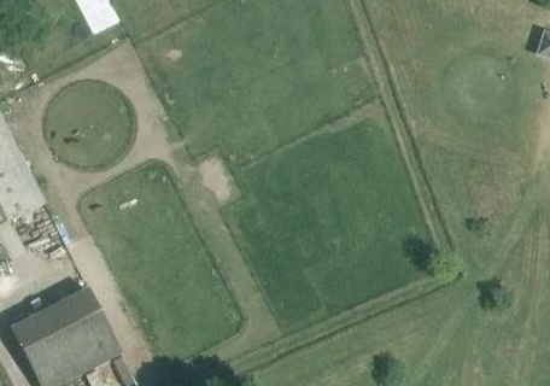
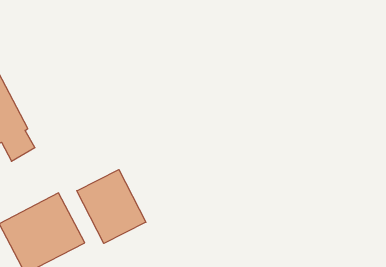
building: none -> [77,170,146,243]

